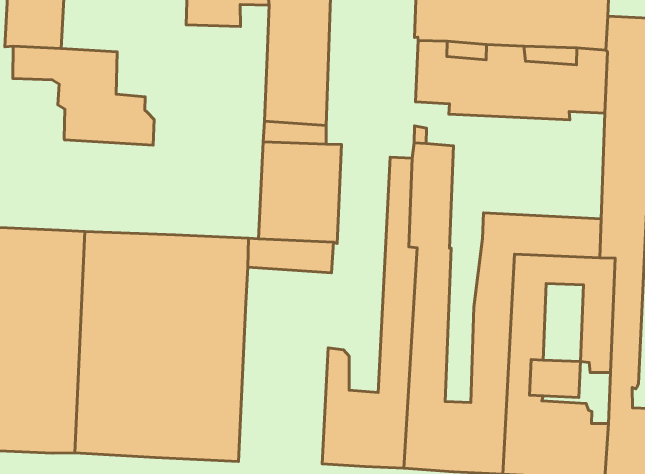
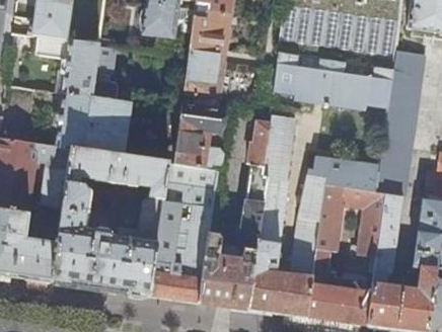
building: none -> [53,93,132,156]
building: none -> [149,200,212,301]

